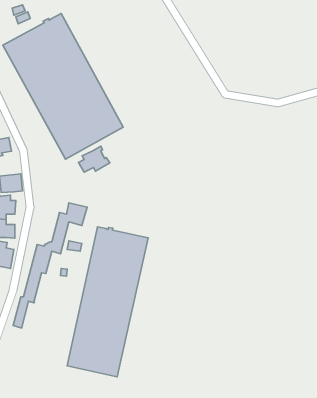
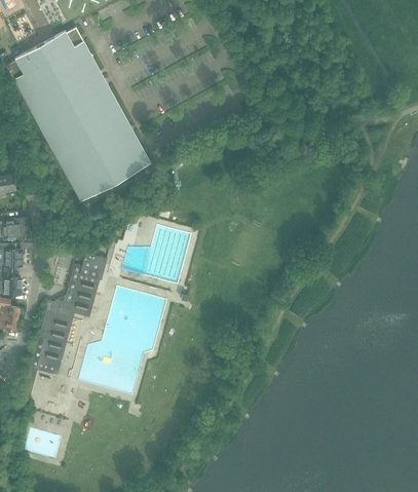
building: [78,146,110,172] -> none
building: [67,227,148,377] -> none
building: none -> [50,338,70,369]

